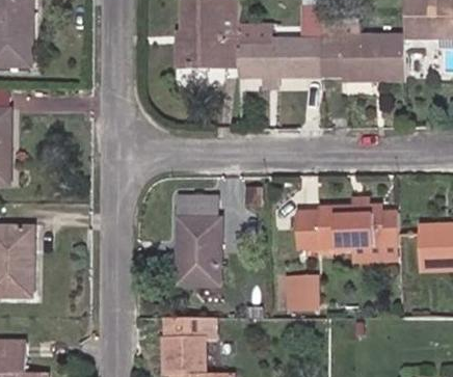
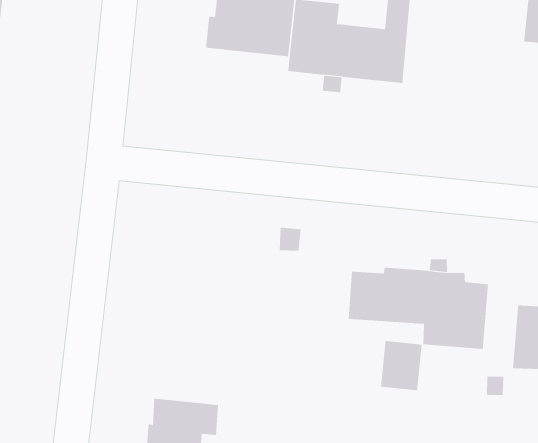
building: [320,24,403,80] -> none
building: [178,196,219,284] -> none
building: [289,274,316,307] -> [380,341,423,391]

